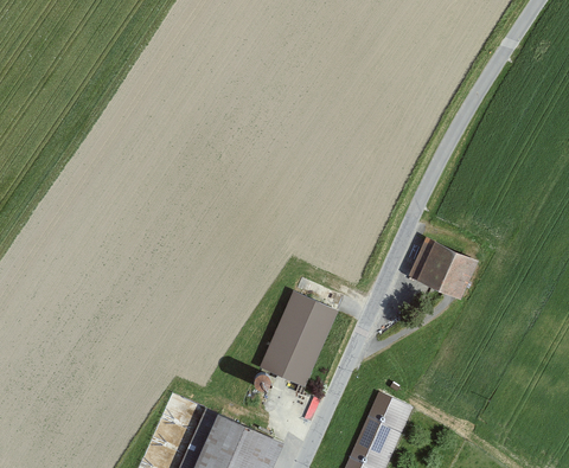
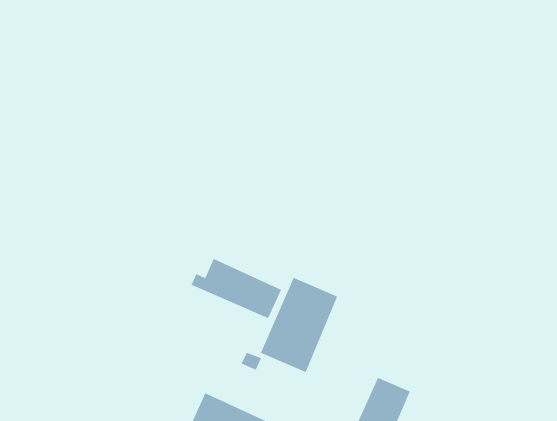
building: [405,235,477,299] -> none
building: none -> [191,258,282,319]

